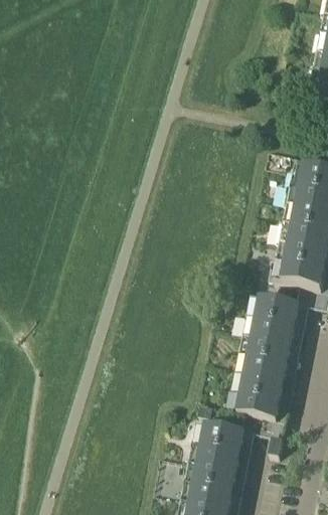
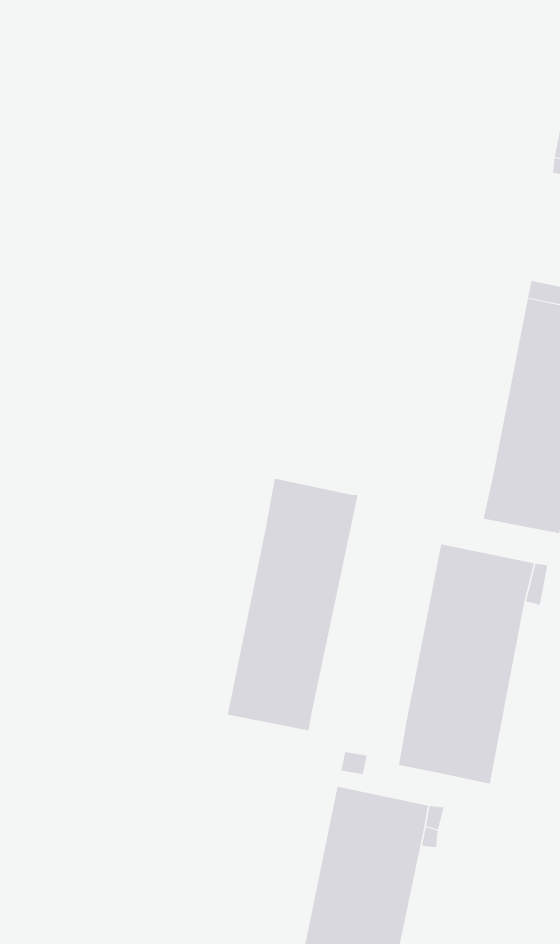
building: none -> [227,478,358,731]

